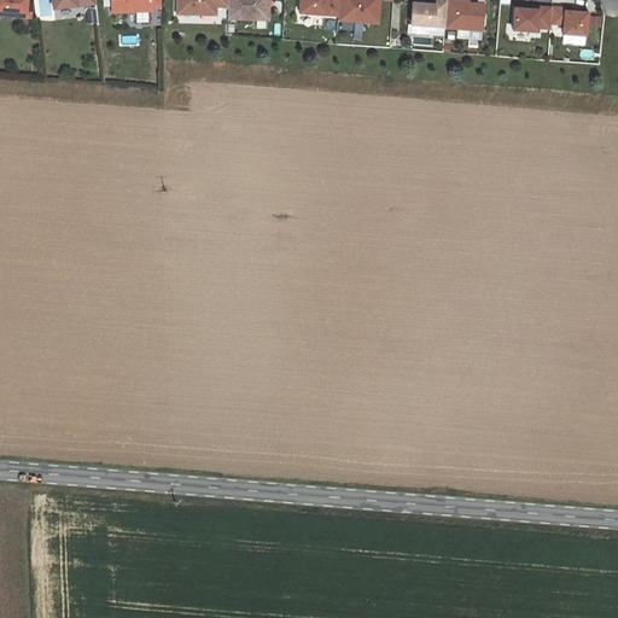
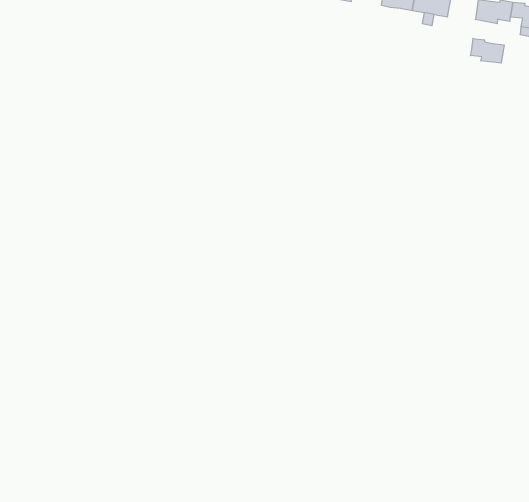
building: none -> [471,38,504,63]

